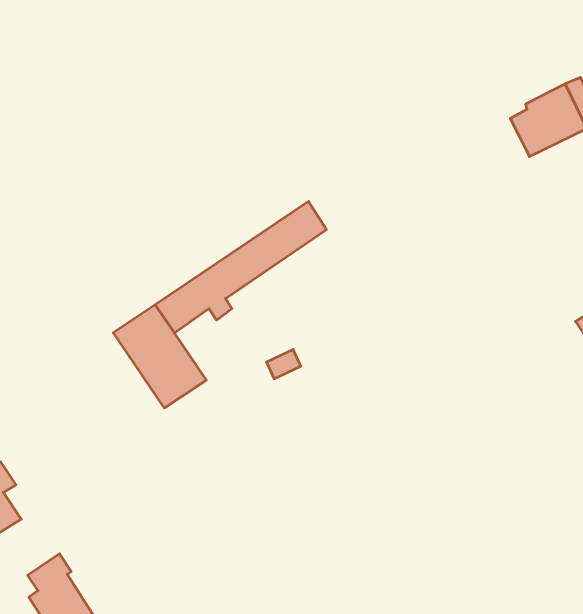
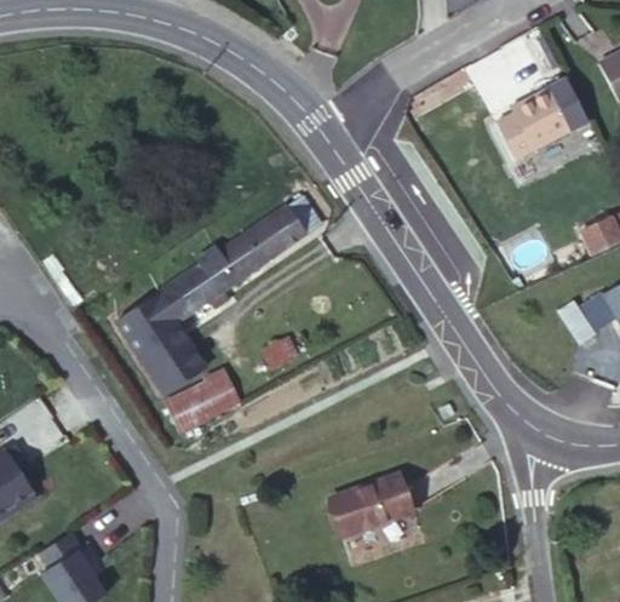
building: none -> [168,371,240,431]
building: none -> [333,476,412,535]

